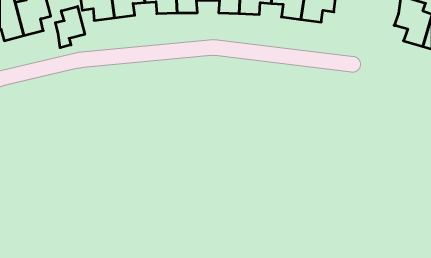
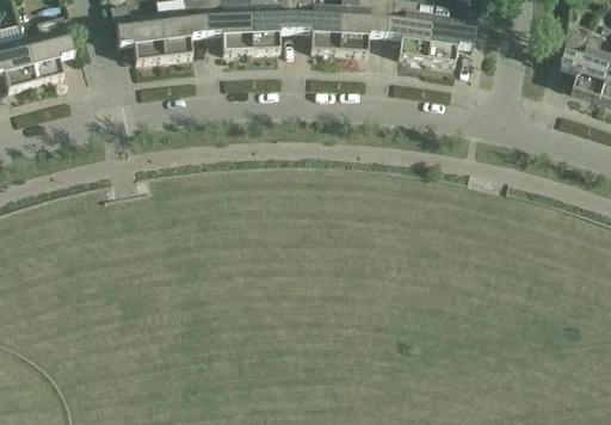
building: [55,6,85,48] -> none

